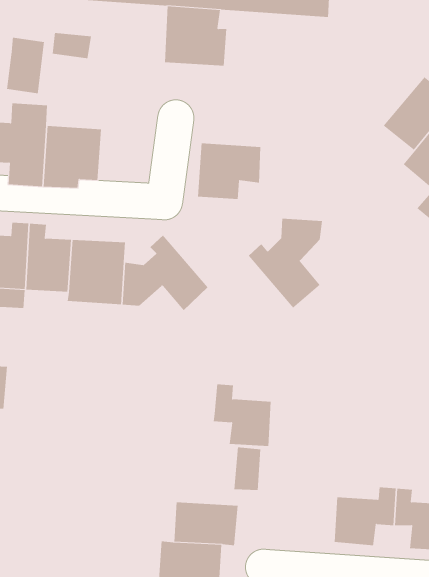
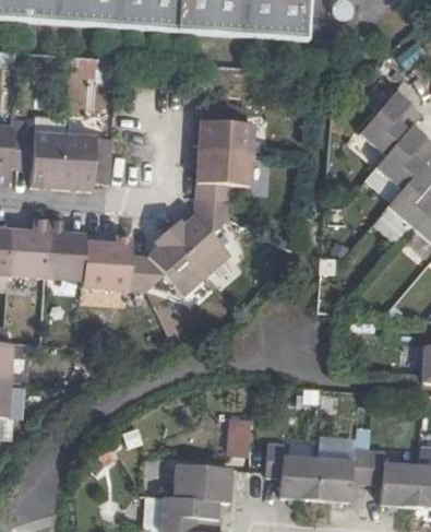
building: [164,6,227,66] -> [199,101,253,153]
building: [6,37,44,94] -> none
building: [248,218,323,309] -> [166,197,231,275]
building: [213,384,272,447] -> [265,442,316,497]

